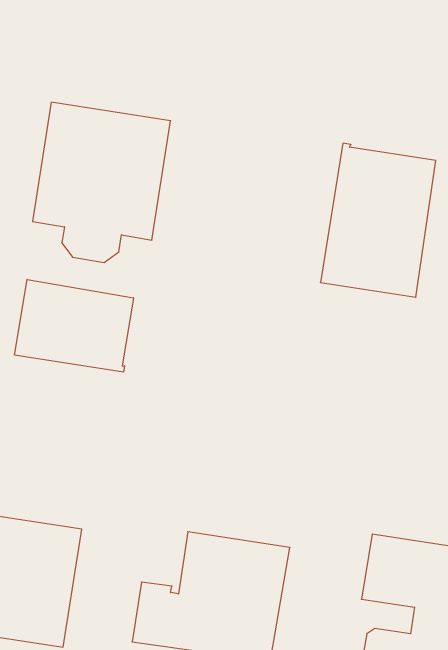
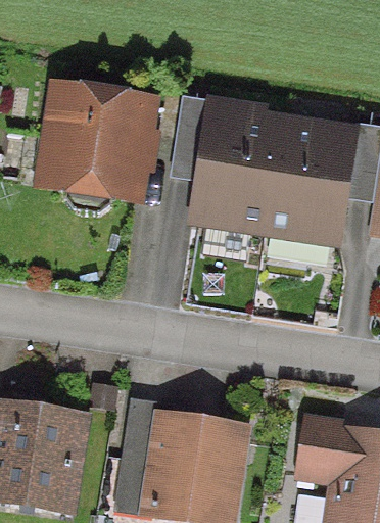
building: none -> [191,110,281,227]
building: [15,279,133,372] -> none

